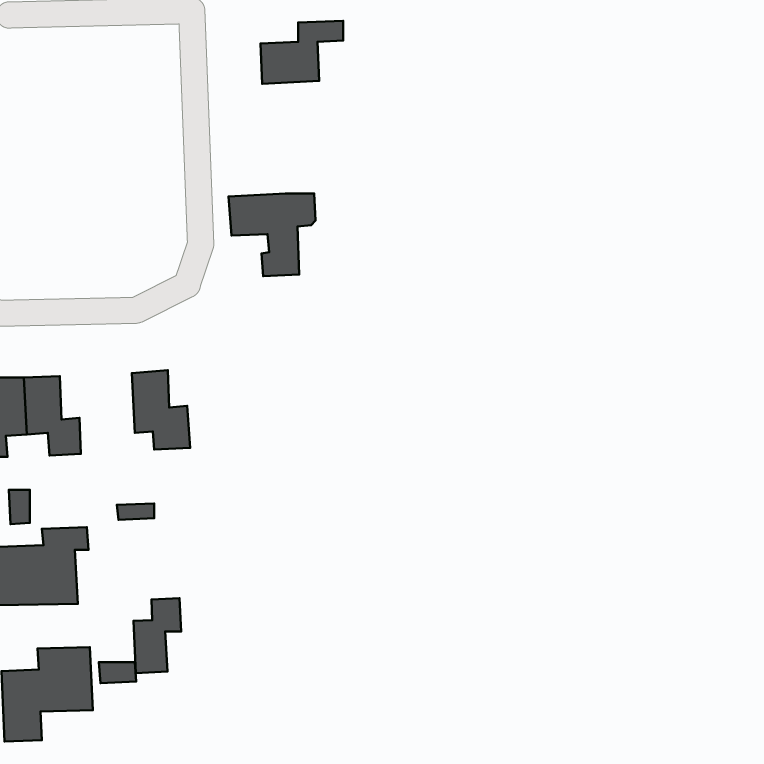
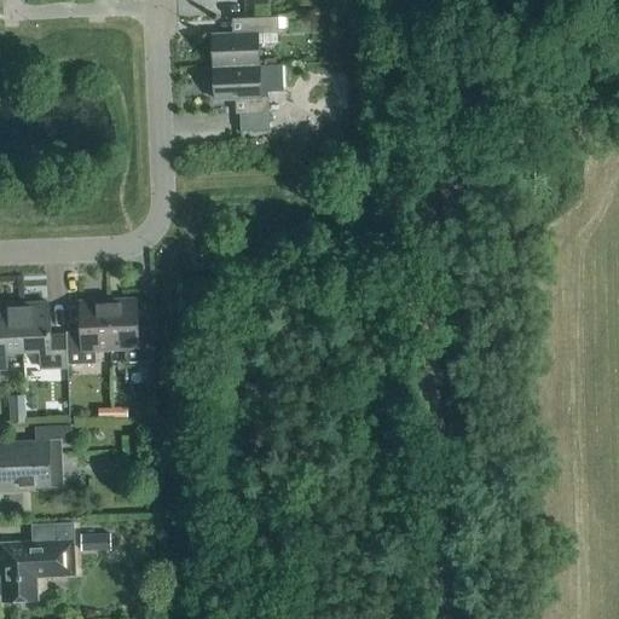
building: [229,194,316,276] -> [212,65,282,132]
building: none -> [65,301,109,365]
building: [133,598,181,673] -> none

